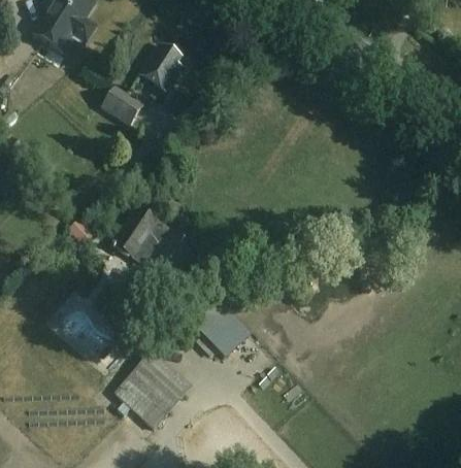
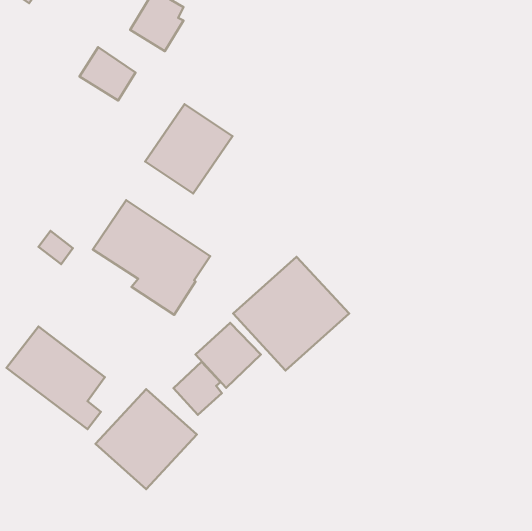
building: none -> [145,104,233,194]
building: none -> [233,257,349,370]
building: none -> [173,362,222,415]

